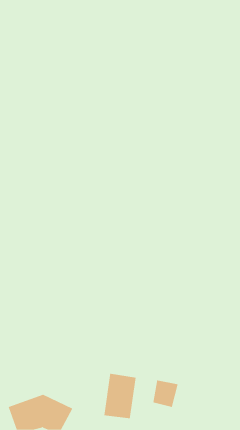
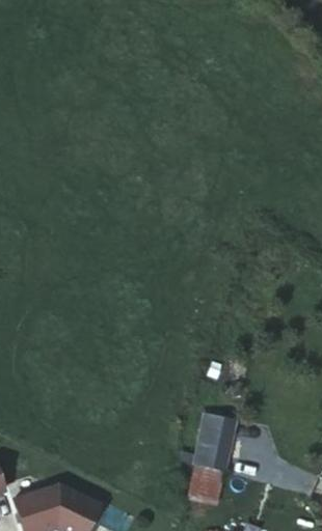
building: [104,373,136,419] -> [195,413,236,469]

